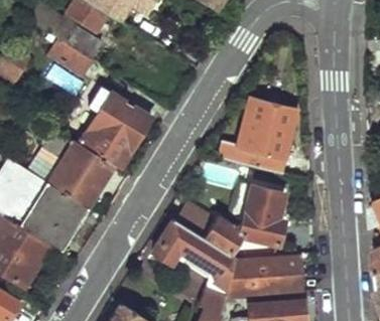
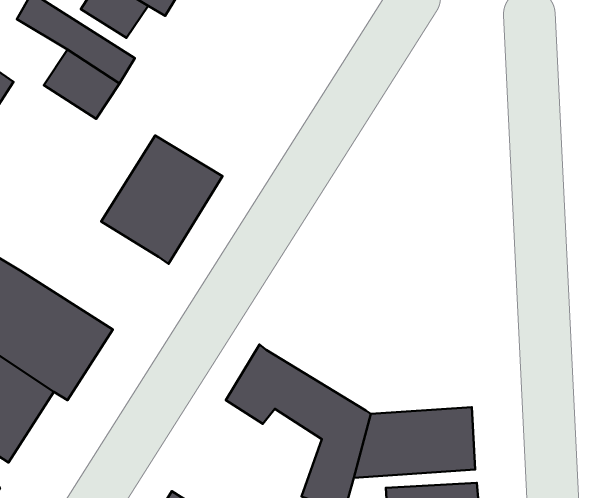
building: [216,99,292,169] -> none
building: [30,130,113,208] -> none
building: [177,186,284,257] -> none

